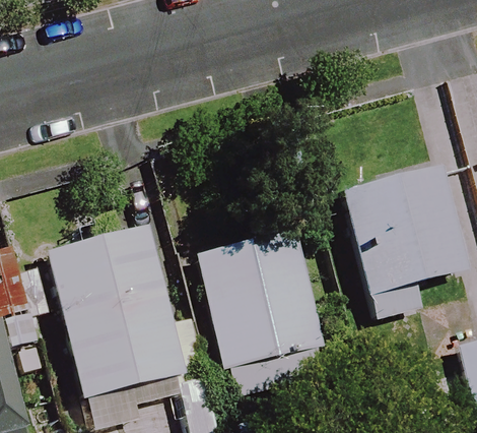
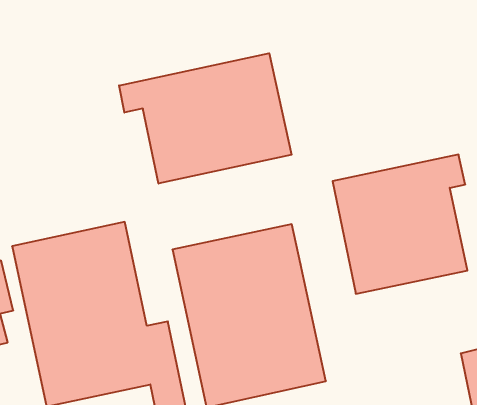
building: none -> [119,53,292,184]

